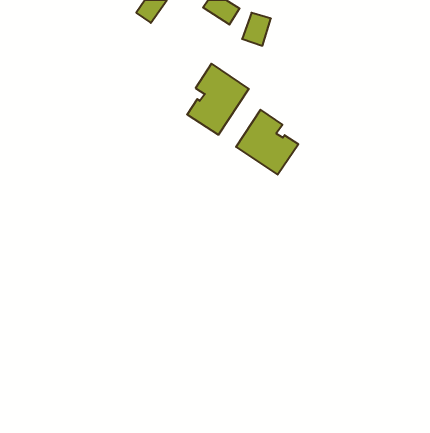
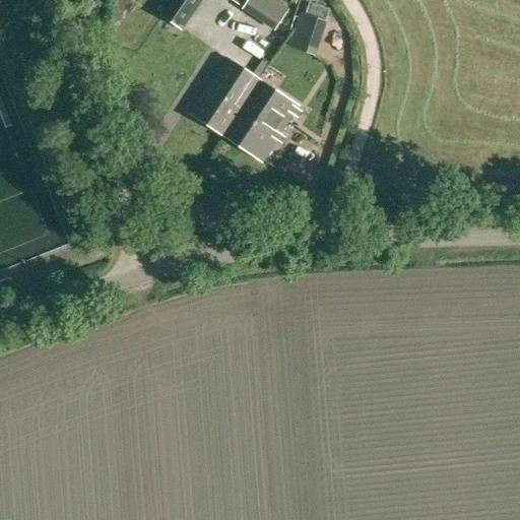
building: none -> [193,58,257,137]
building: [236,110,298,175] -> none

